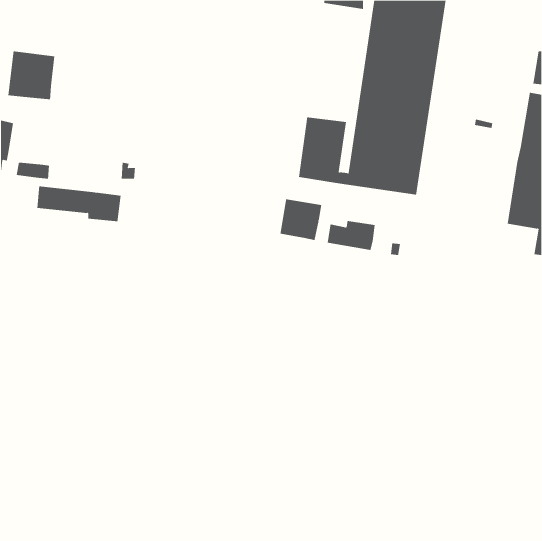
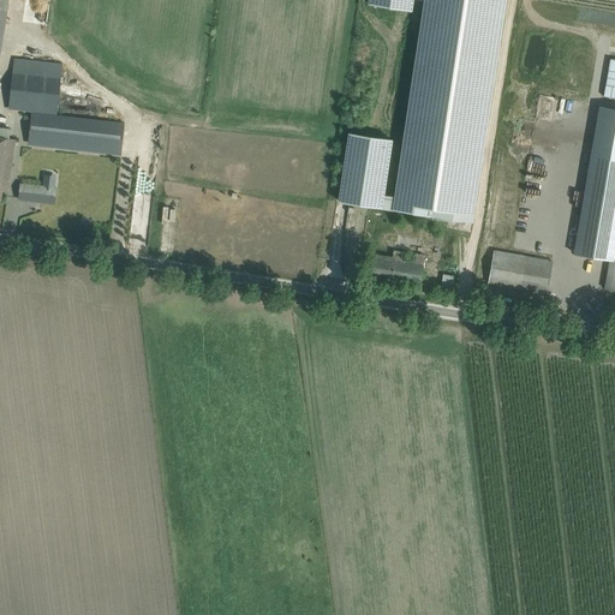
building: [37,186,121,222] -> [29,114,125,155]
building: [280,198,322,241] -> none
building: none -> [489,252,551,294]

